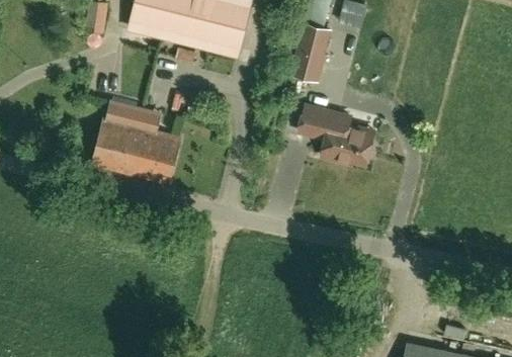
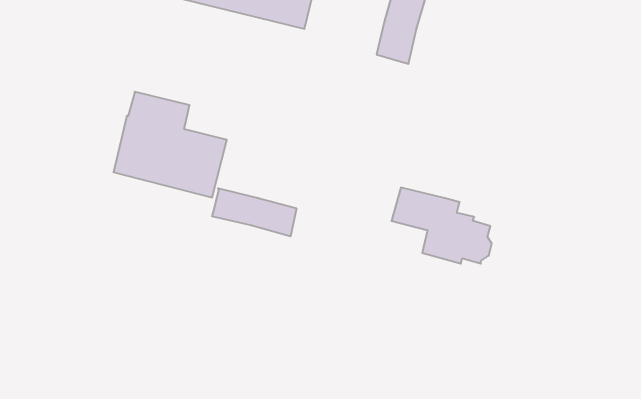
building: [298,105,374,163] -> [391,187,492,264]
building: none -> [212,188,296,236]

